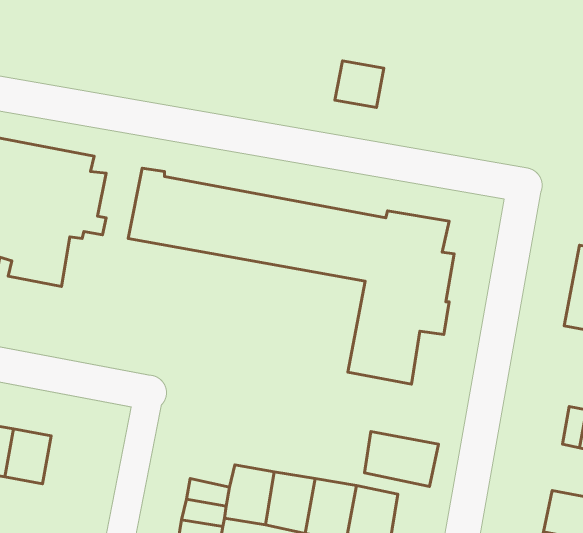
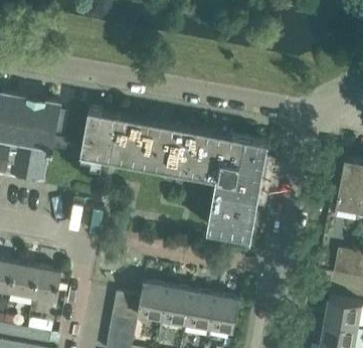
building: [335,61,384,107] -> none
building: [365,431,439,487] -> none
building: none -> [30,266,61,299]

